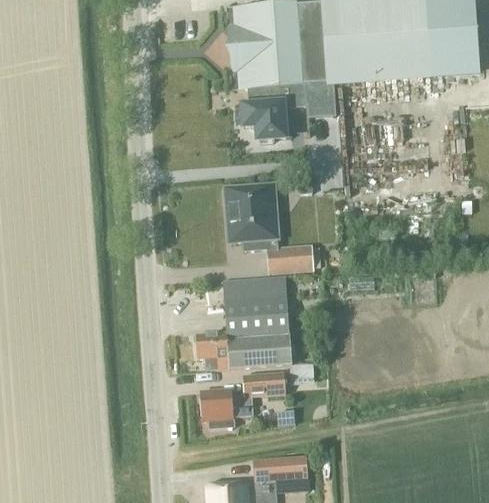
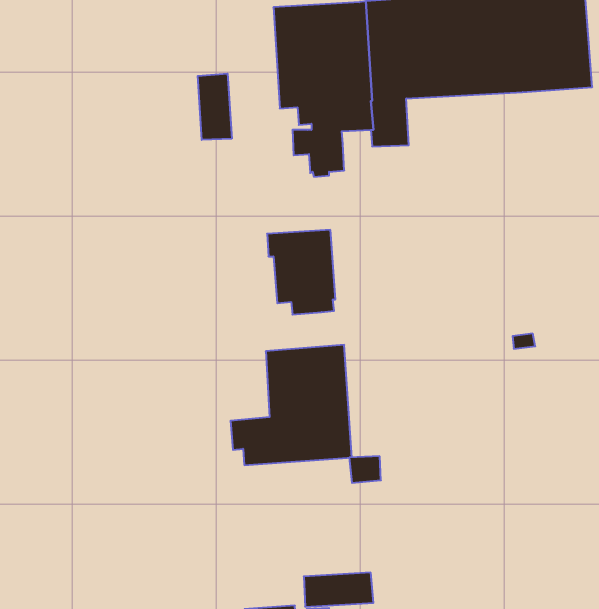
building: none -> [198,74,232,140]
building: [267,244,313,272] -> none
building: [200,371,286,428] -> none

